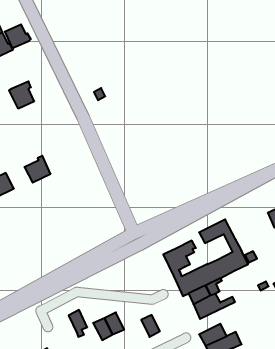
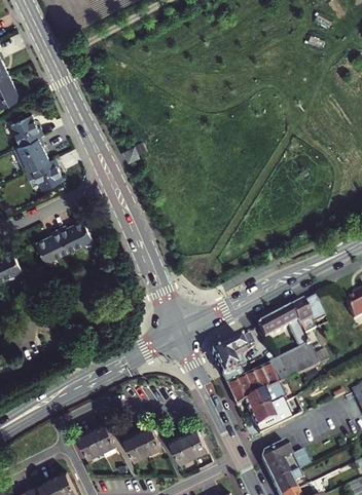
building: [5,24,31,48] -> [11,115,44,145]
building: none -> [32,157,64,189]
building: none -> [60,220,95,252]
building: none -> [290,297,326,335]
building: none -> [78,430,103,458]
building: none -> [170,435,194,464]

